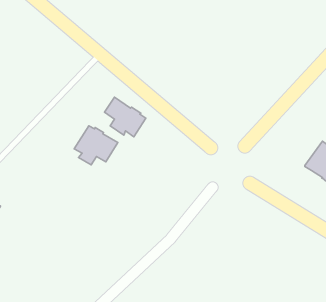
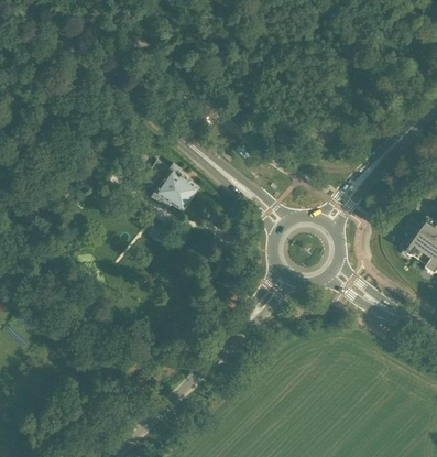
building: [74,126,118,165] -> none

